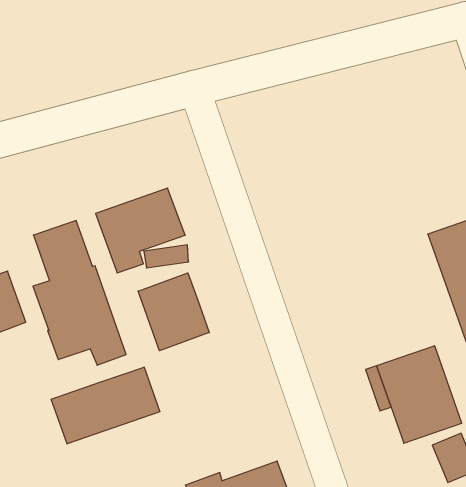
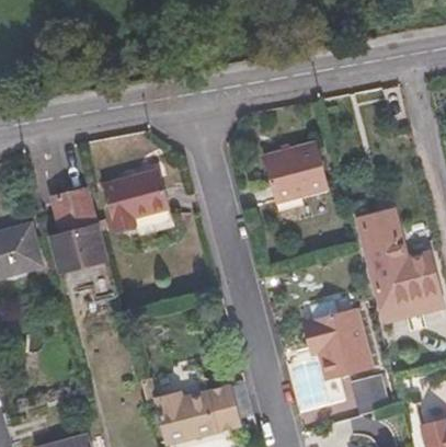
building: none -> [263,142,329,202]
building: [138,273,209,351] -> none
building: [51,367,160,444] -> none

